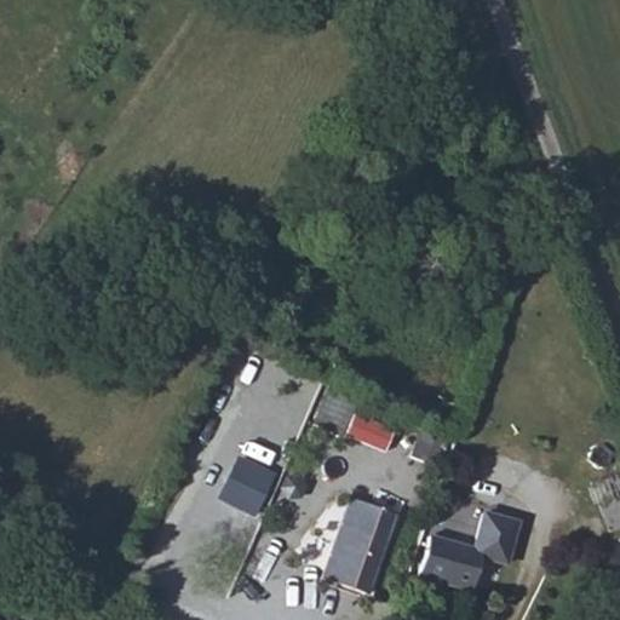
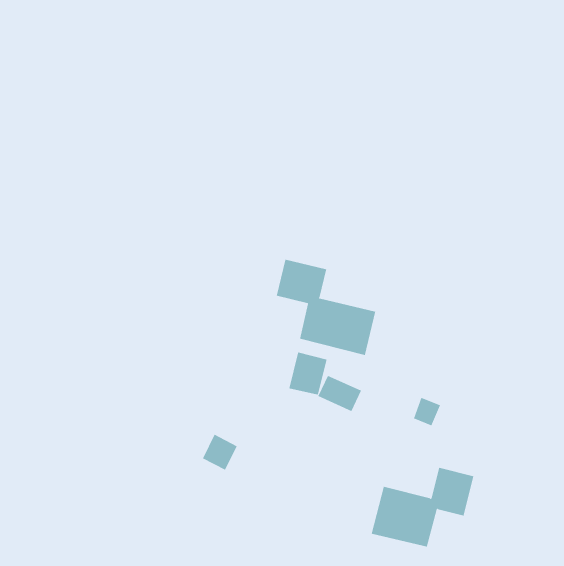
building: none -> [276,259,376,356]
building: [318,493,401,596] -> none

